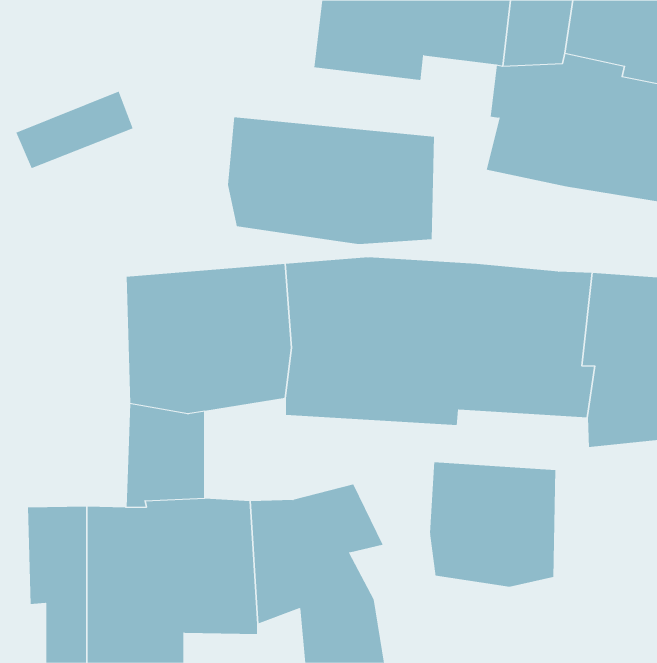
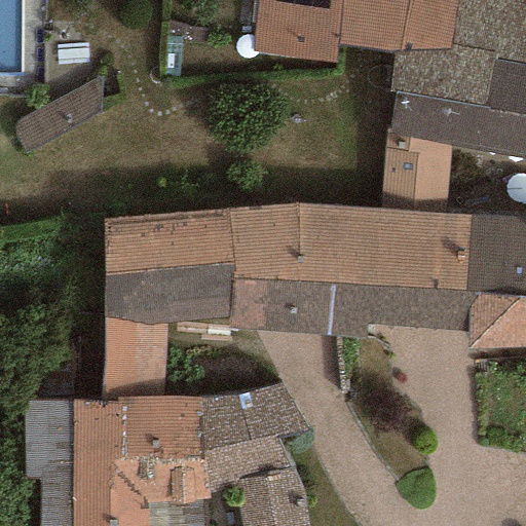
building: [227,116,434,245] -> none
building: none -> [382,135,453,215]
building: [430,462,556,587] -> none

